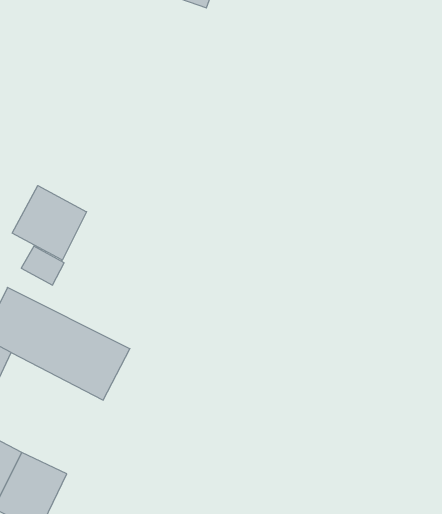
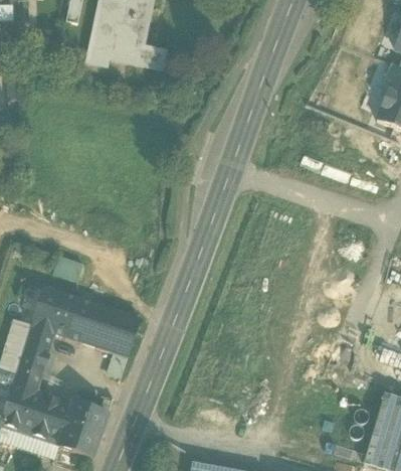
building: [12,186,87,260] -> none

